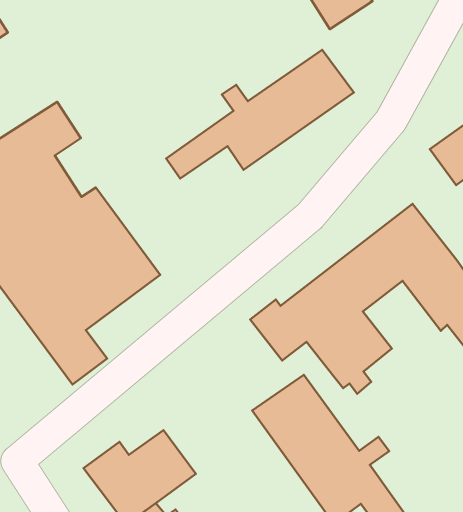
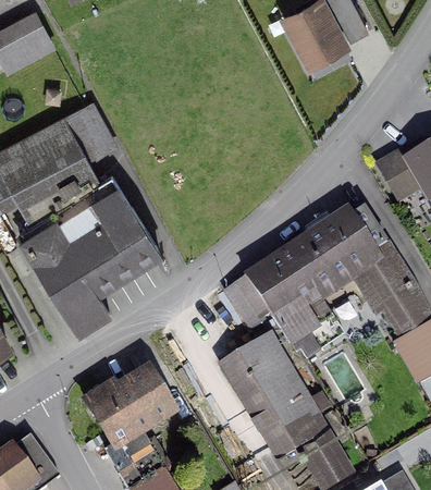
building: [166,50,354,179] -> none

